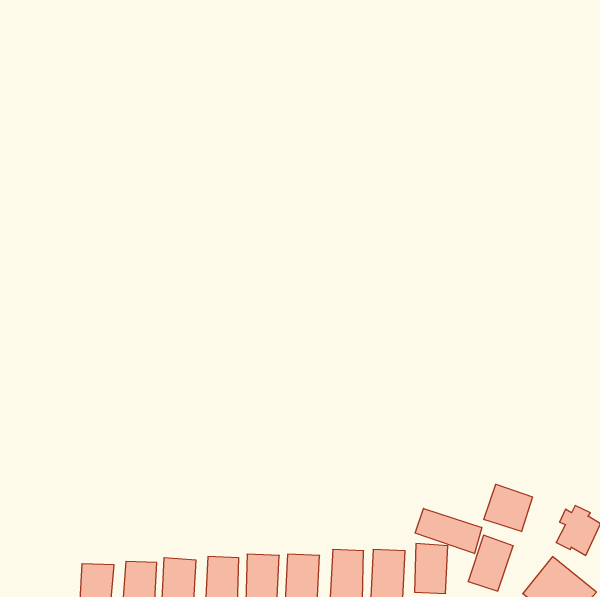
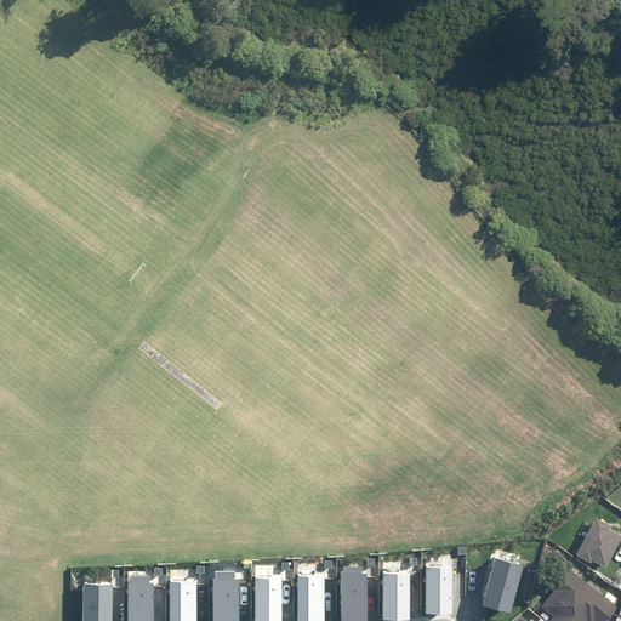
building: [484,484,533,532] -> none
building: [415,508,482,554] -> none

